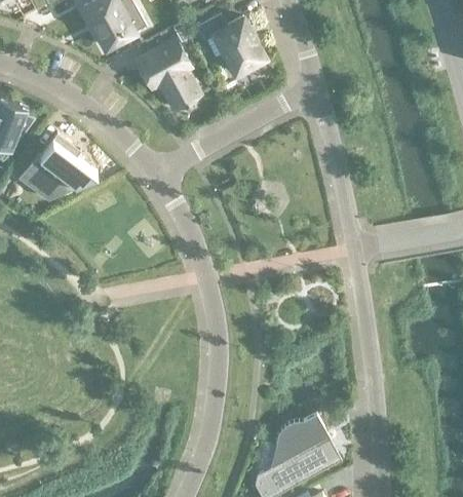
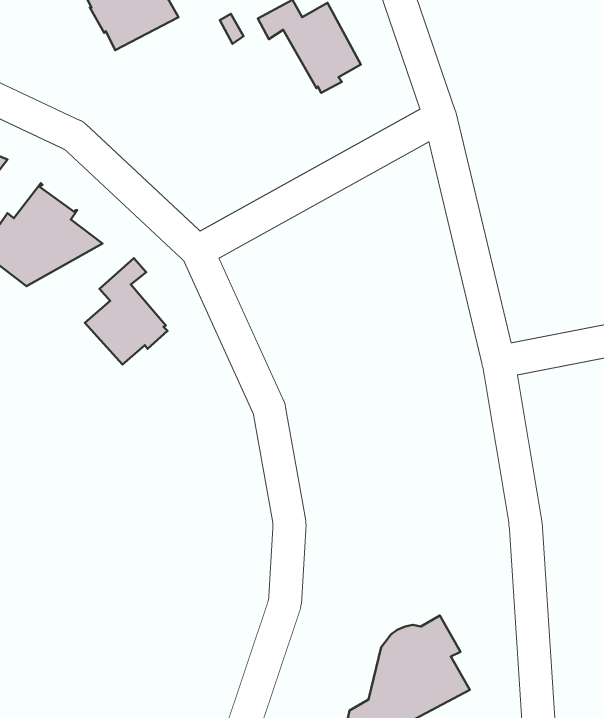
building: [136,39,199,109] -> none
building: none -> [85,258,167,365]

